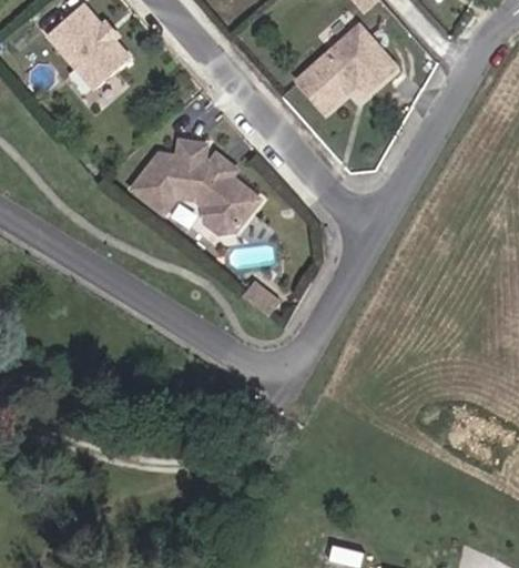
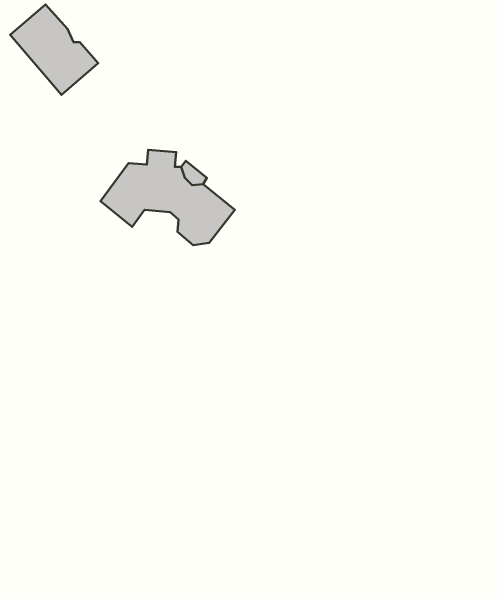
building: [304,22,400,108] -> none

